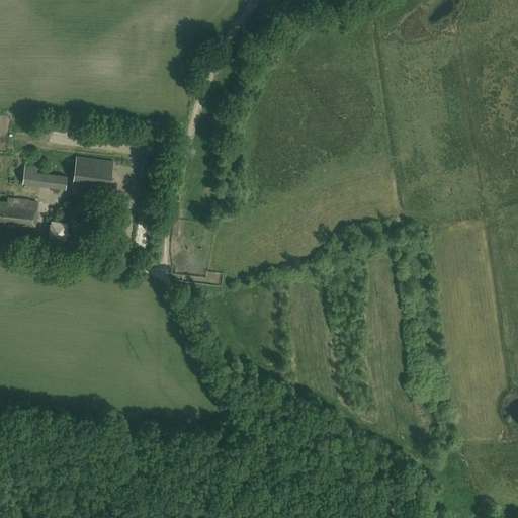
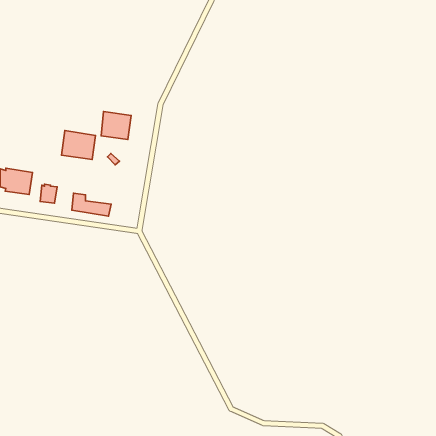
building: none -> [101,112,131,139]
building: [22,164,69,191] -> [72,193,111,216]

